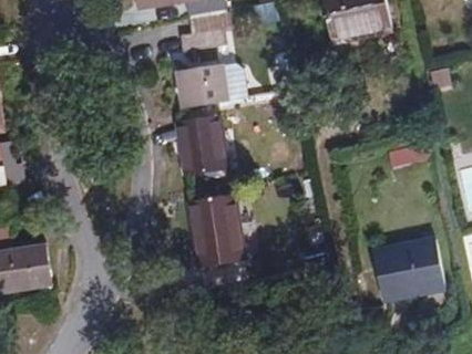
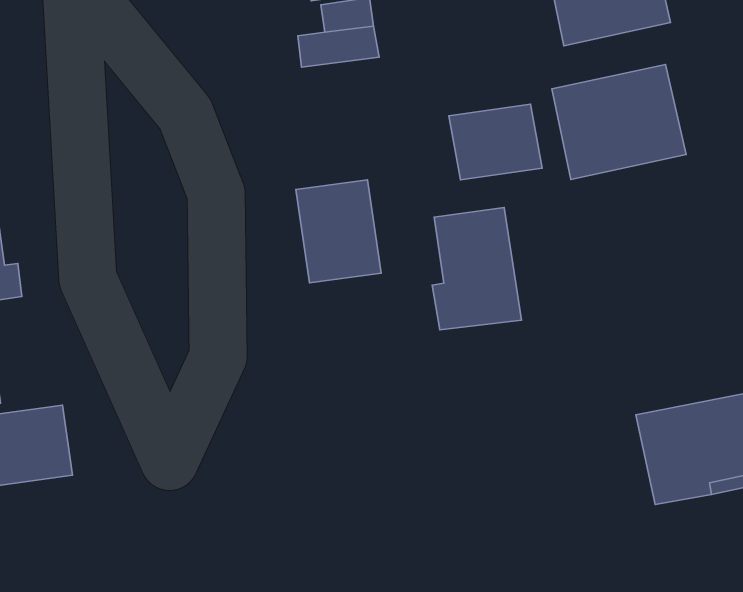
building: none -> [552,64,686,180]
building: [176,64,229,107] -> [449,104,542,180]
building: [194,196,245,266] -> [432,207,522,330]

